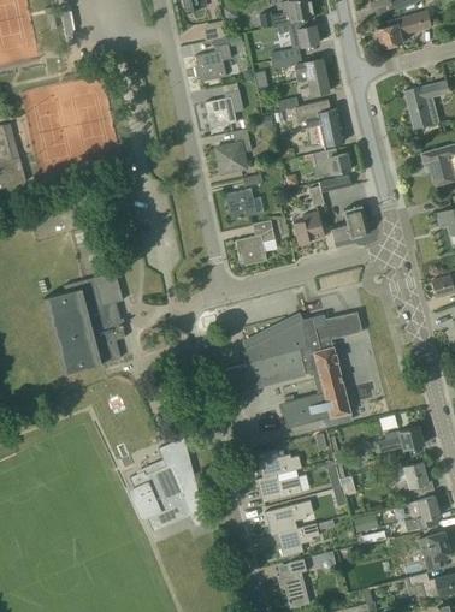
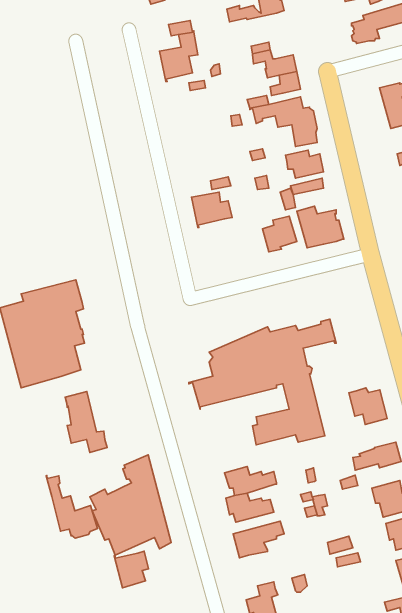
building: [278,19,319,47] -> none
building: [205,96,237,130] -> none
building: [215,129,252,176] -> none
building: [235,220,276,266] -> none
building: none -> [349,388,387,425]
building: none -> [65,391,107,452]
building: none -> [46,475,97,538]
building: [278,523,319,557] -> none
building: none -> [114,551,148,588]

